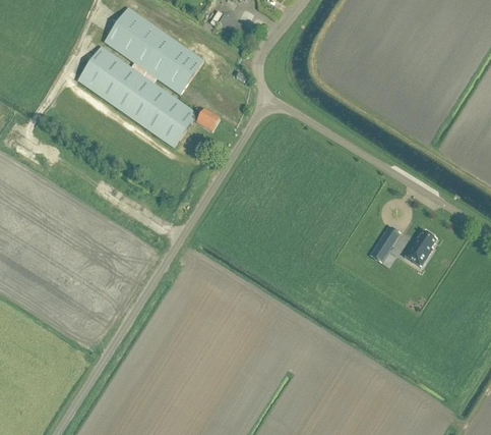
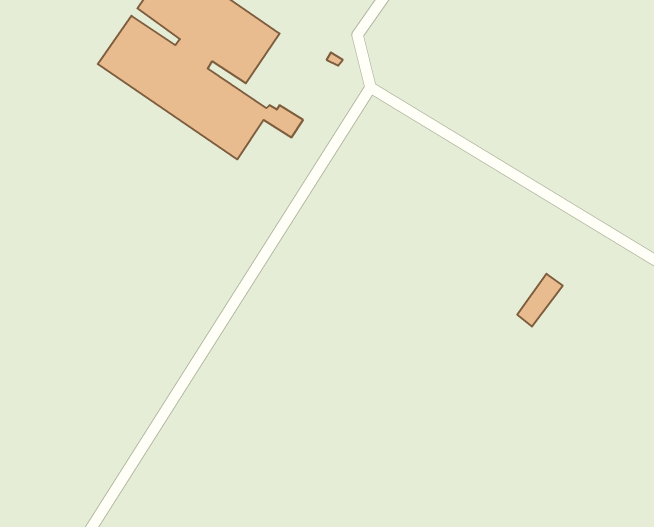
building: [404,227,437,264] -> none

